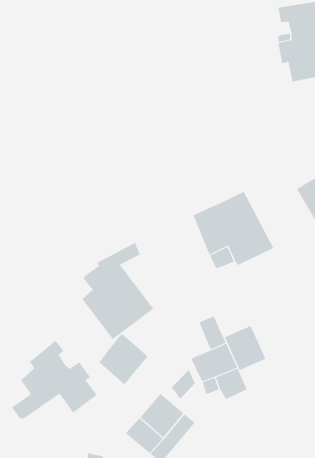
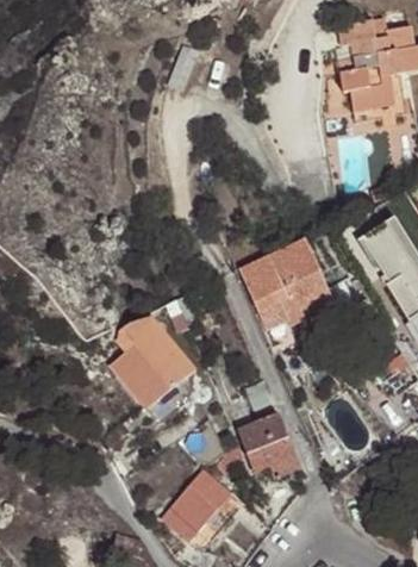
building: [224,325,266,371] -> none
building: [99,333,149,385] -> none
building: [11,340,98,419] -> none

